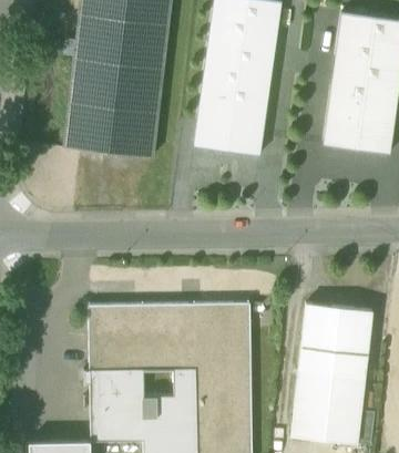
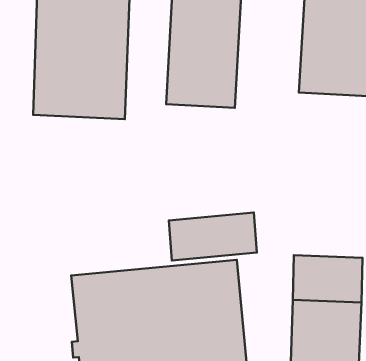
building: none -> [169,213,257,260]

